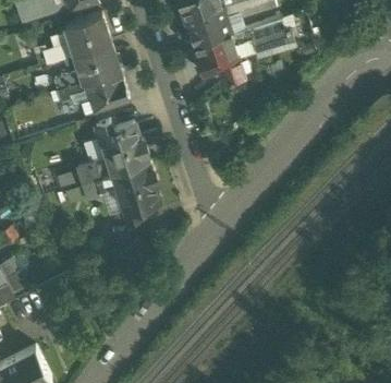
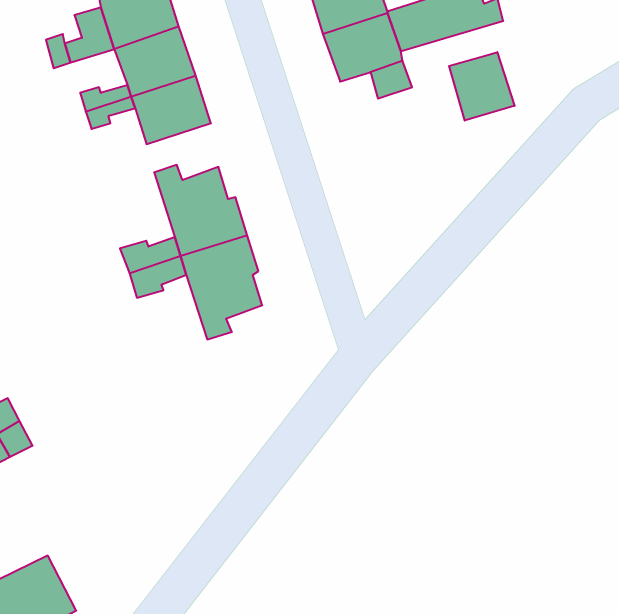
building: none -> [449,52,515,121]

